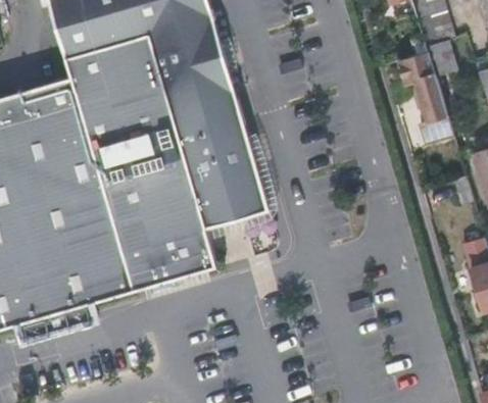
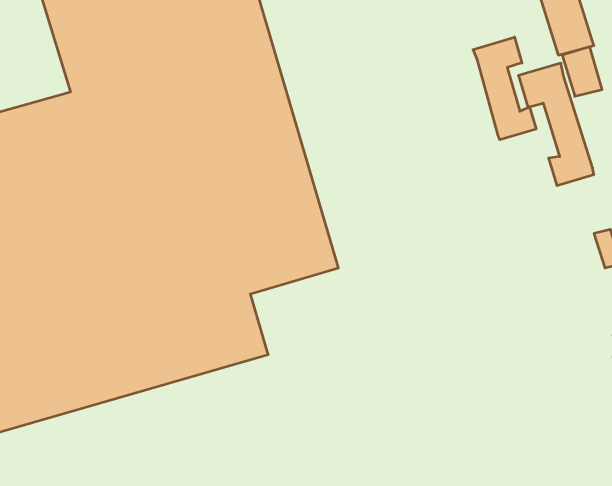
building: none -> [473,37,536,140]

